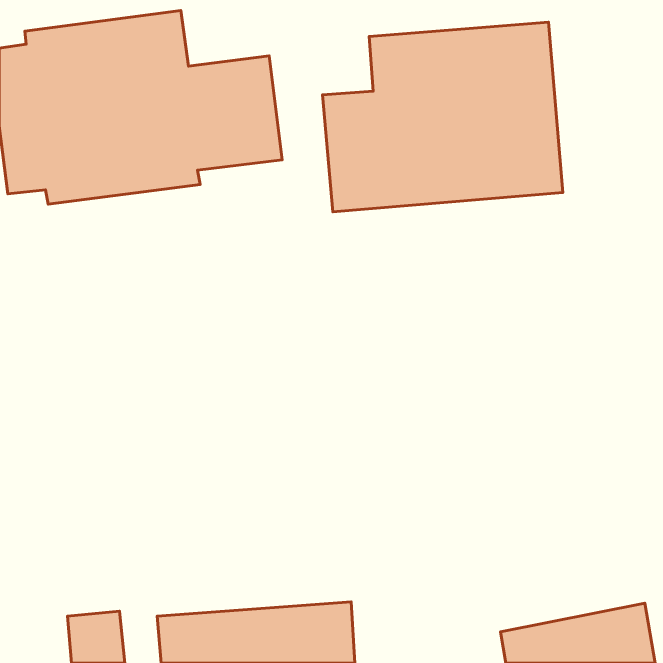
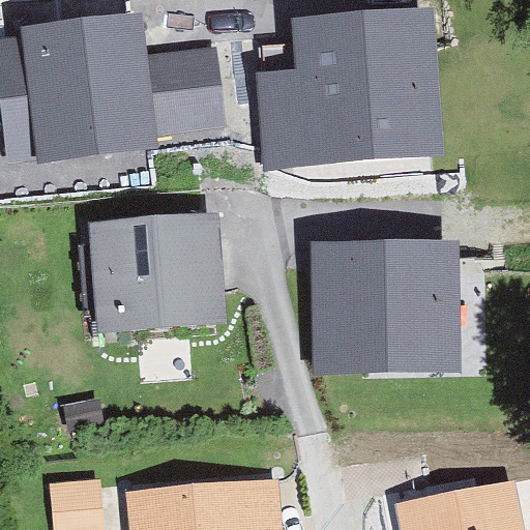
building: none -> [87,211,229,333]
building: none -> [308,243,457,376]

